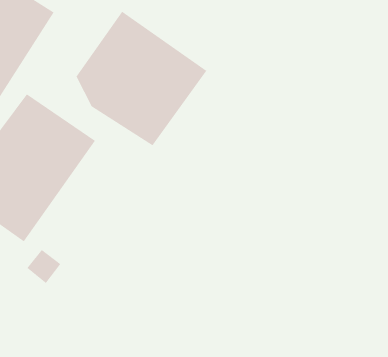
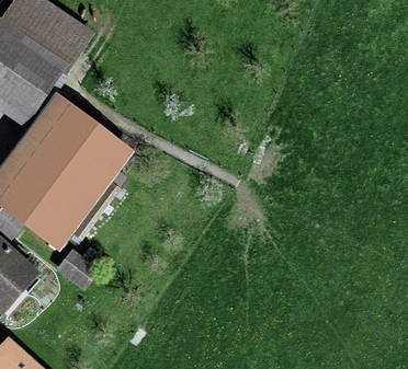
building: [76,11,207,146] -> none

